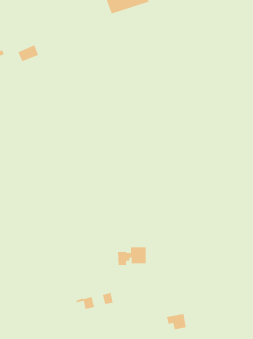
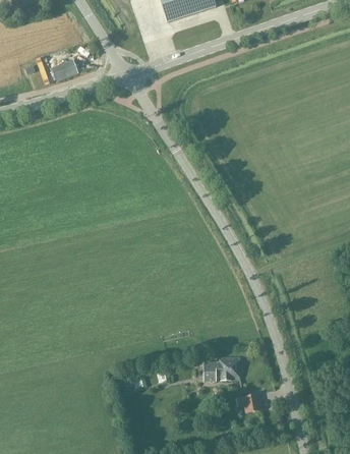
building: [117,246,147,266] -> [203,356,240,381]

